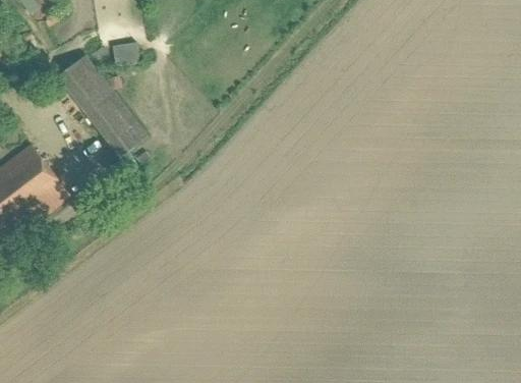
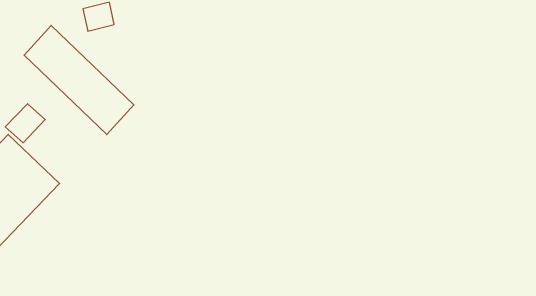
building: none -> [5,104,45,143]

